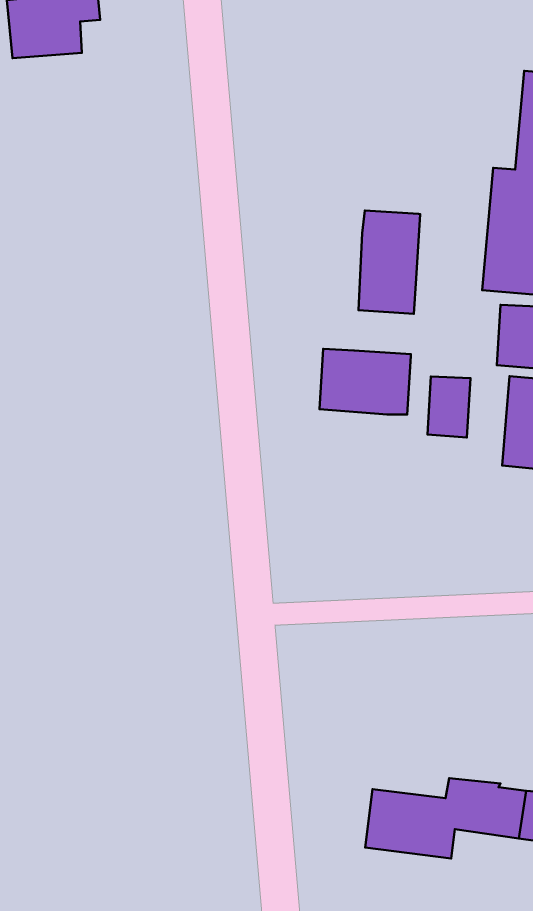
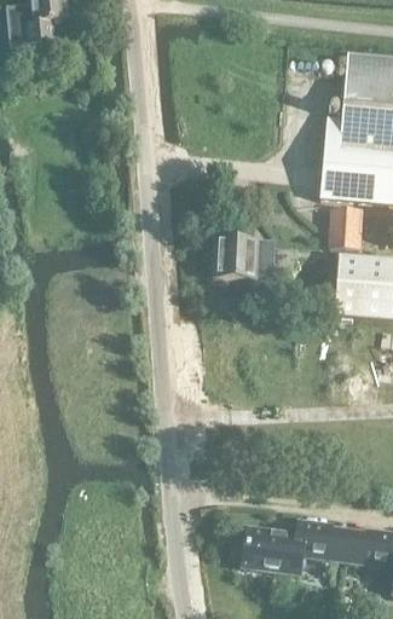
building: [359,210,420,314] -> none
building: [427,377,471,438] -> none

